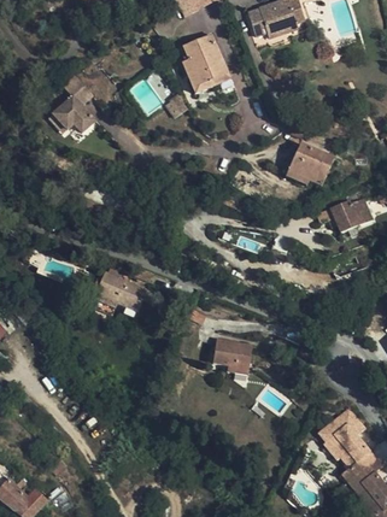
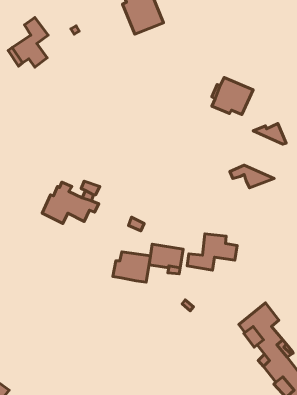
building: [318,205,370,231] -> [230,165,274,188]
building: none -> [187,234,237,270]
building: none -> [113,252,150,282]

